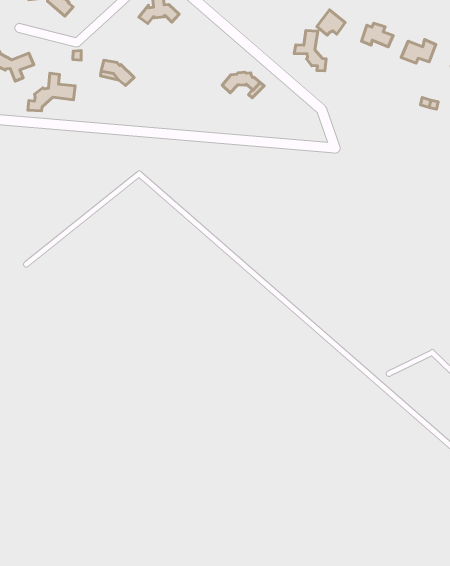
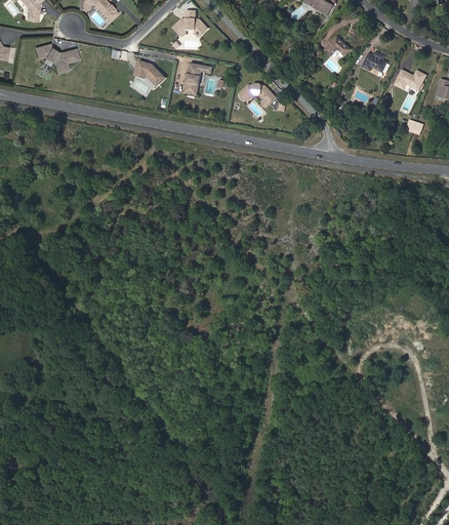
building: [294,31,326,71] -> none
building: none -> [183,63,212,95]
building: [28,73,75,111] -> none

